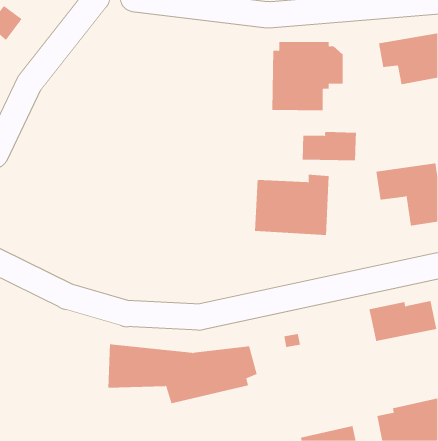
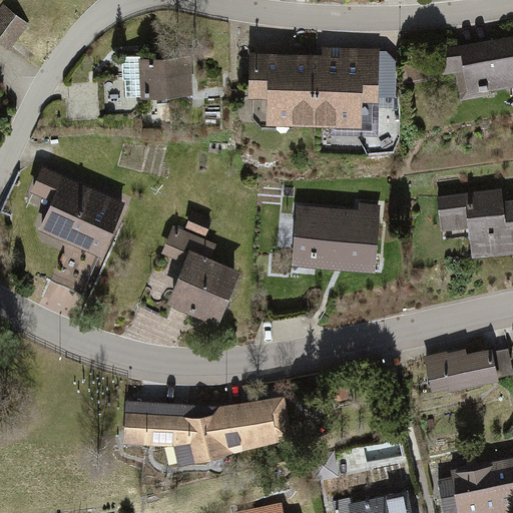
building: none -> [121,54,193,99]
building: none -> [253,57,315,127]
building: [302,131,356,161] -> none
building: none -> [27,165,126,260]
building: none -> [161,211,242,327]

